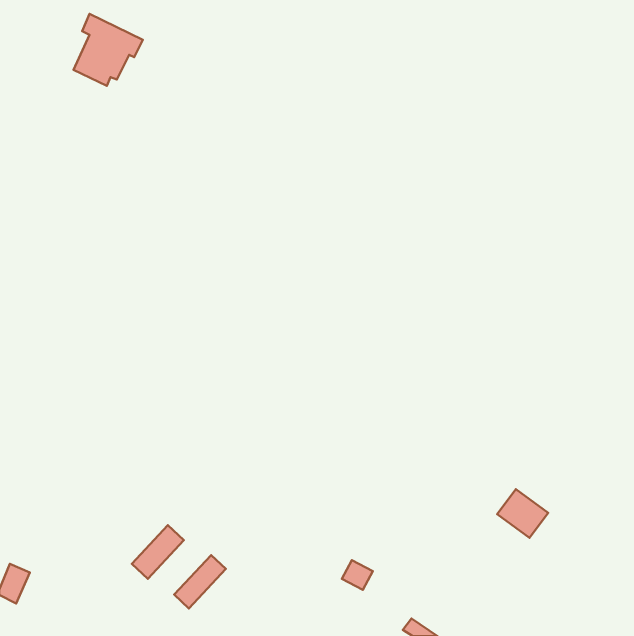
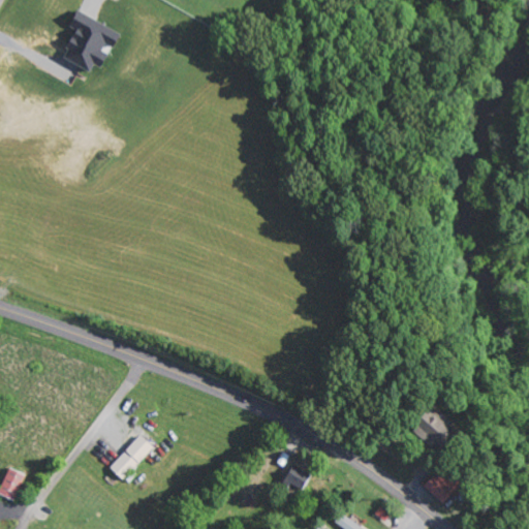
building: [174,555,226,608] -> none
building: none -> [423,476,453,505]

